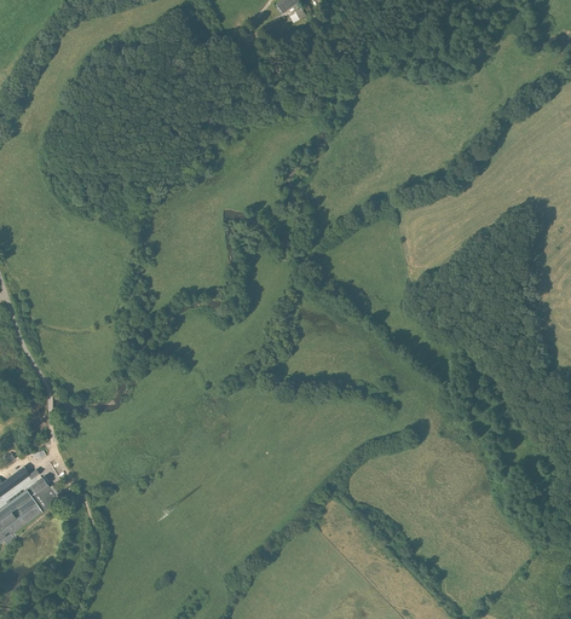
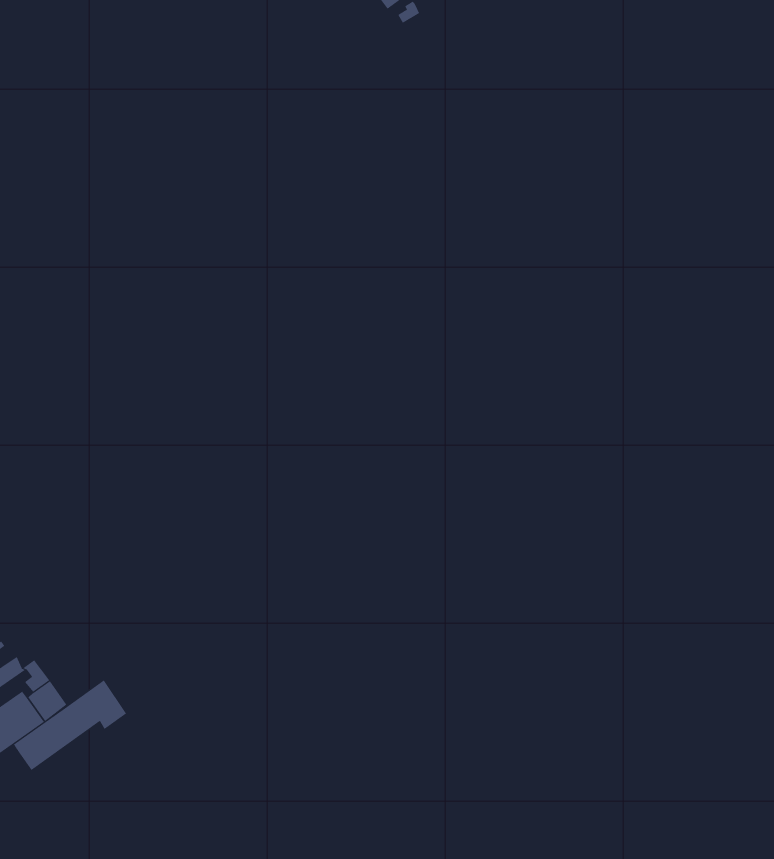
building: none -> [13,680,127,771]

